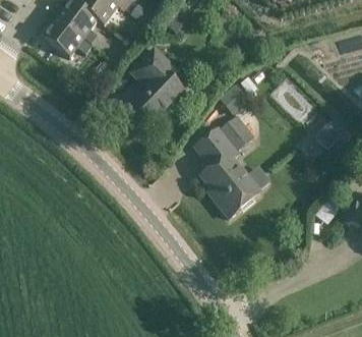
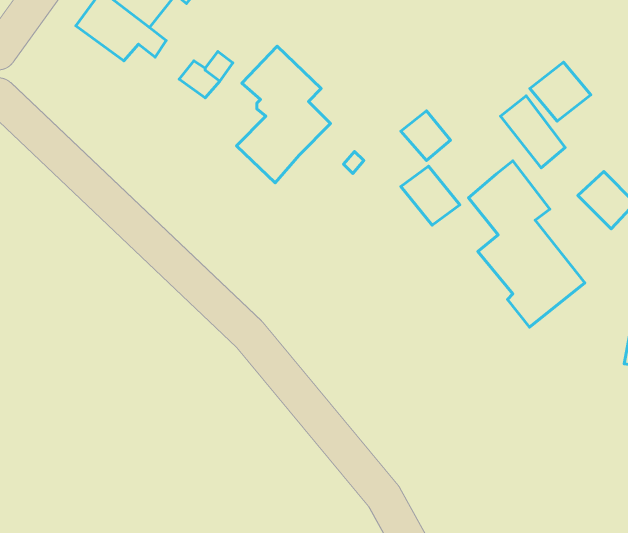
building: none -> [530,62,591,121]
building: [195,125,259,217] -> [469,161,585,327]

